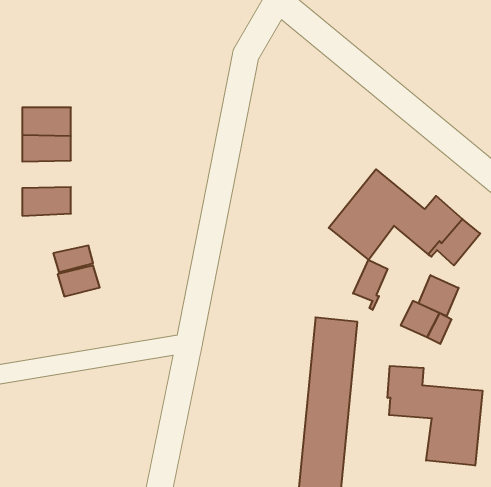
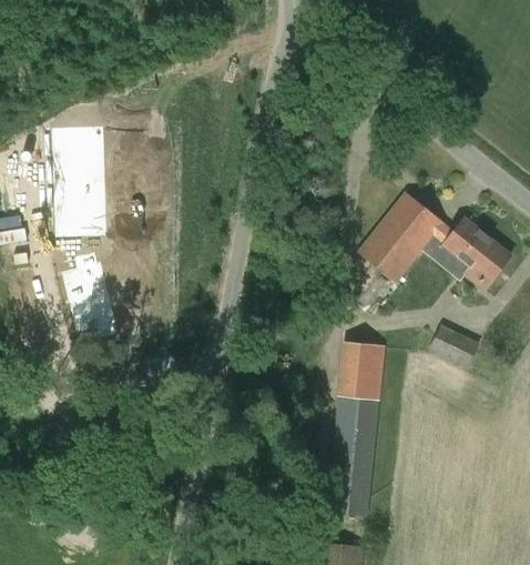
building: none -> [50,183,99,211]
building: [353,260,388,310] -> none
building: [419,275,459,316] -> none
building: [388,366,482,466] -> none

